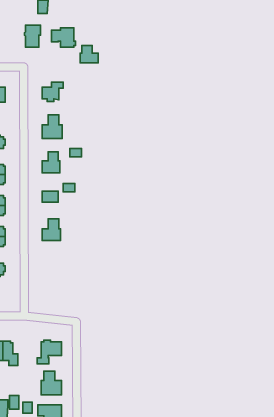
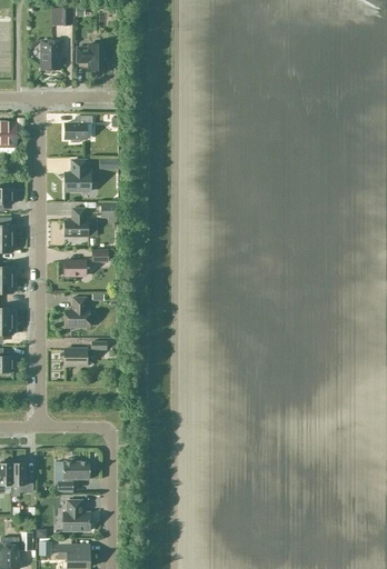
building: [80,46,98,63] -> none
building: none -> [63,342,106,366]

